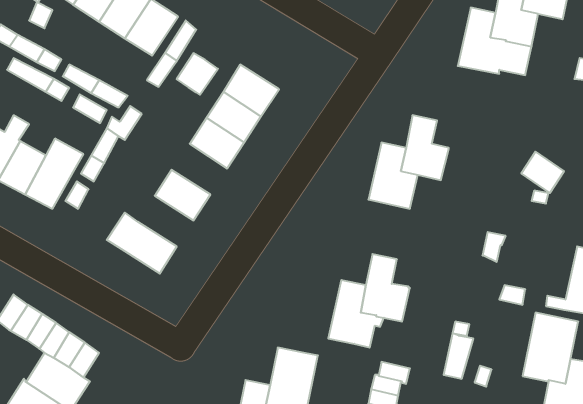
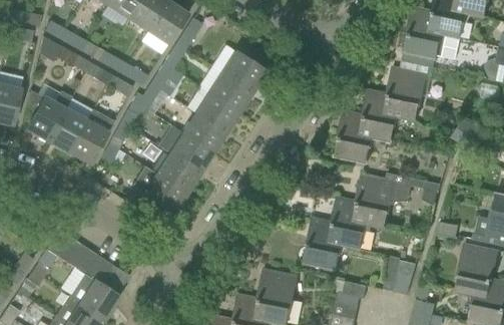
building: [177,53,218,95] -> [150,63,182,95]
building: none -> [384,65,426,120]
building: none -> [182,112,225,151]
building: none -> [156,144,199,192]
building: none -> [353,173,412,228]

